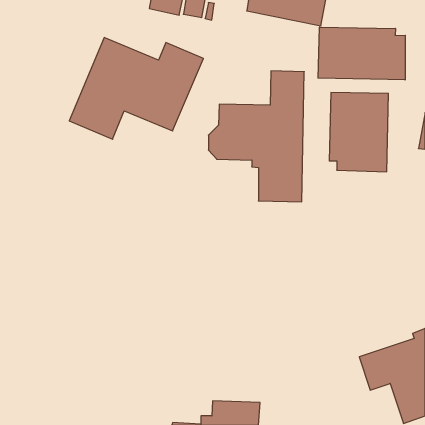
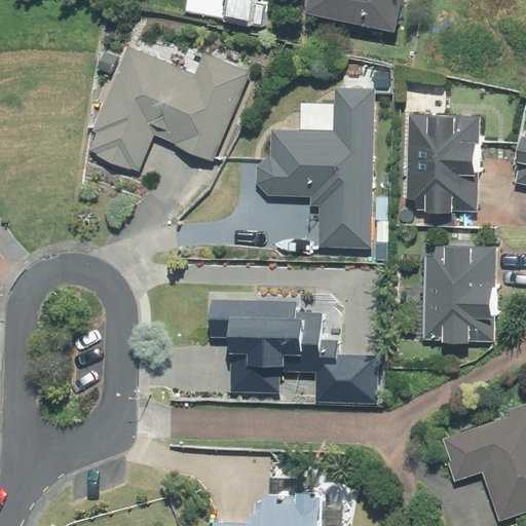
building: [318,27,405,80] -> none
building: none -> [422,246,495,342]
building: none -> [210,298,378,404]

